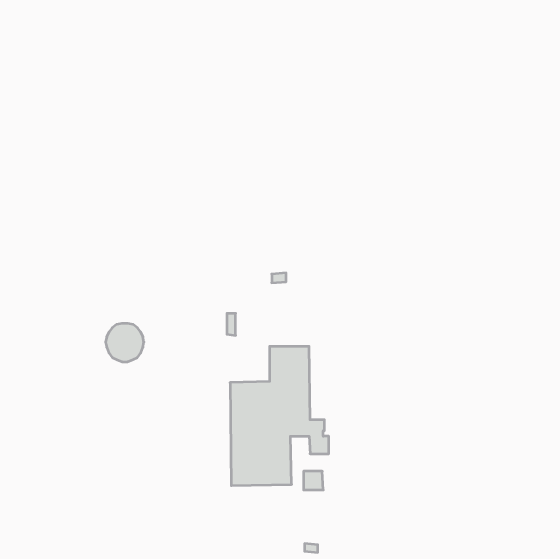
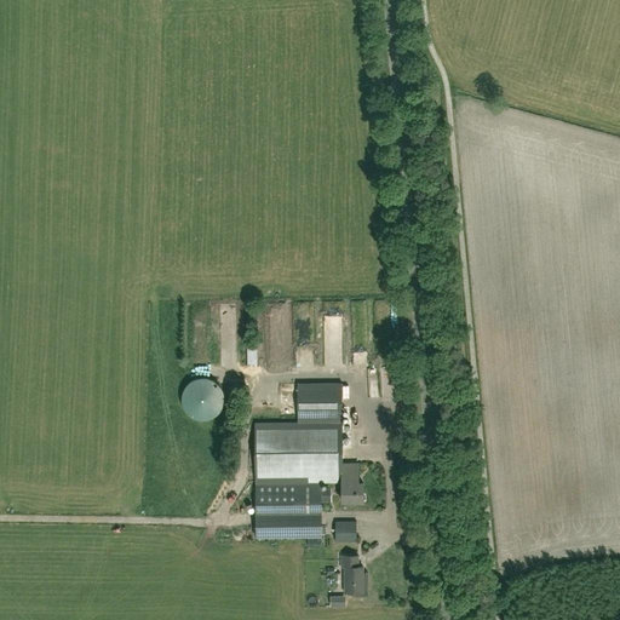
building: [106,323,144,362] -> [182,379,224,421]
building: none -> [341,557,364,593]

